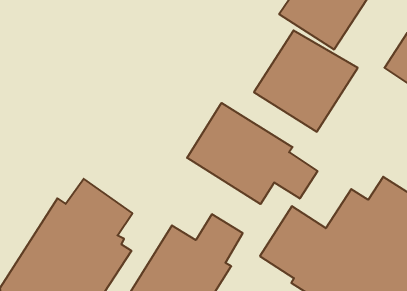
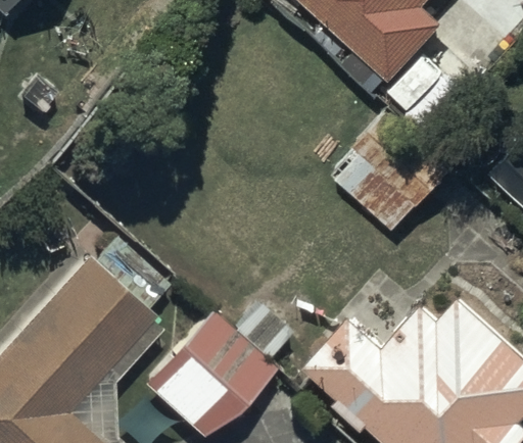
building: [187,103,317,204] -> none

